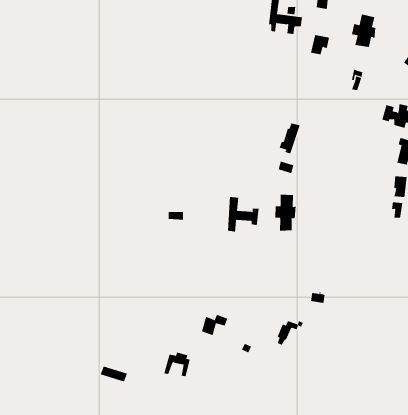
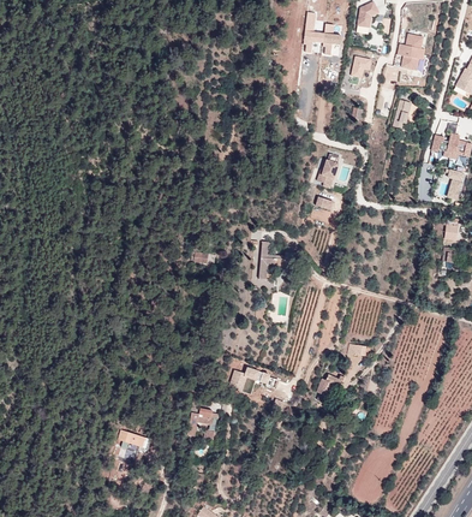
building: [275,194,296,232] -> none

